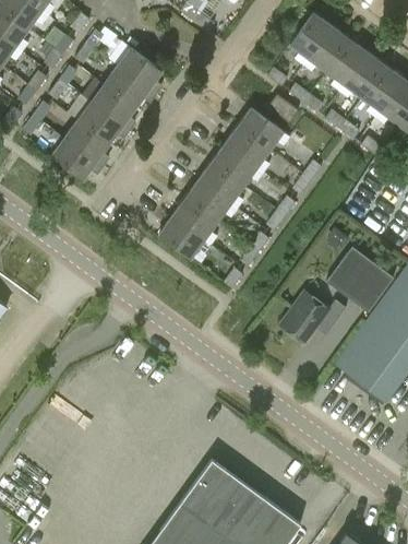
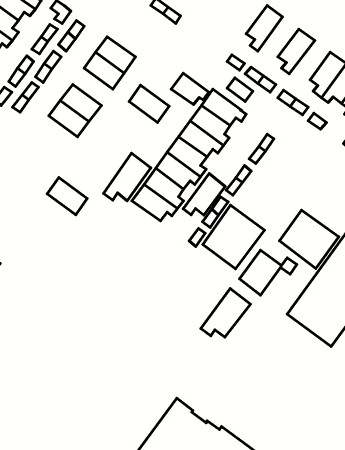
building: [302,25,349,71] -> none
building: [338,52,385,97] -> none
building: [91,84,136,127] -> [129,85,169,122]
building: none -> [171,73,209,105]
building: [50,139,96,181] -> [47,178,87,215]
building: none -> [103,153,151,201]
building: none -> [183,173,225,215]
building: none -> [203,205,264,269]
building: none -> [201,289,250,337]

